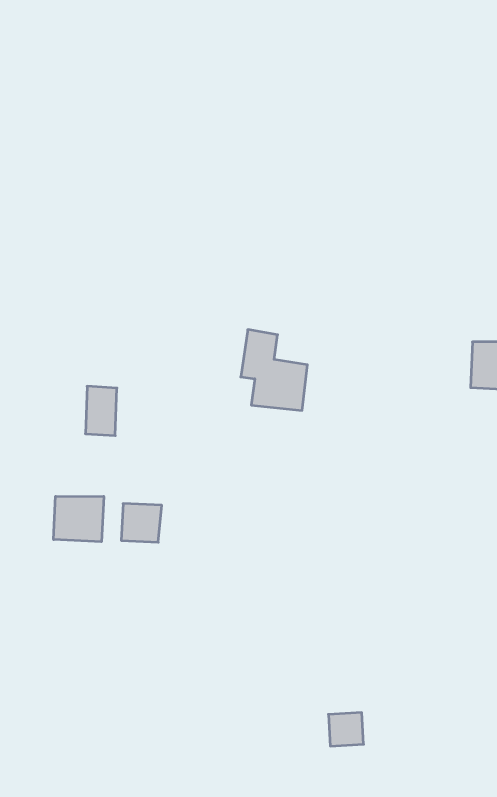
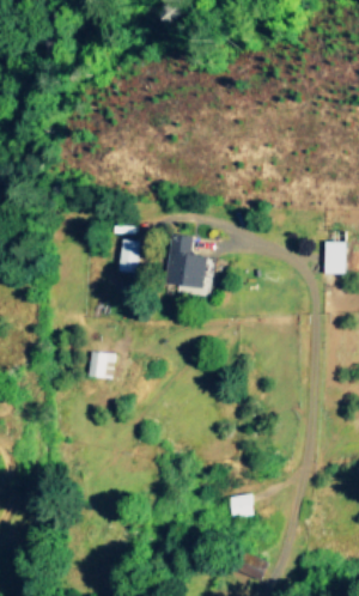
building: [85,386,117,436] -> [117,239,139,273]
building: [54,496,104,542] -> none

